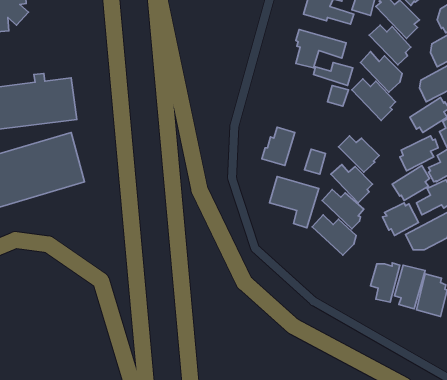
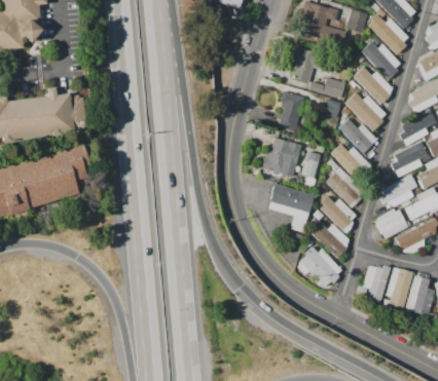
building: none -> [279,91,305,131]
building: none -> [339,118,377,156]
building: none -> [296,245,342,288]

